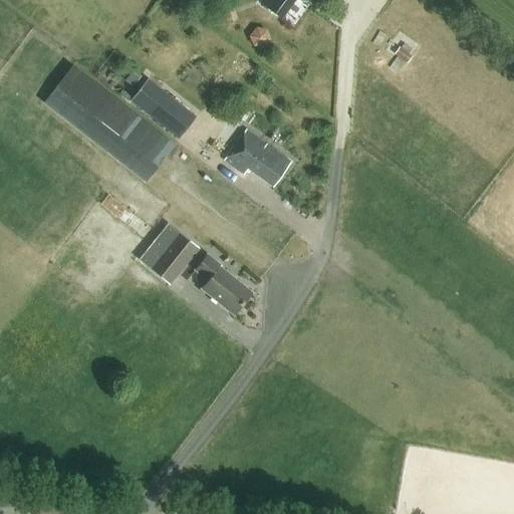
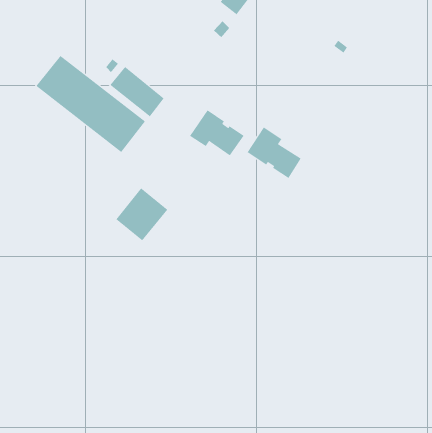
building: none -> [247,127,301,179]
building: [196,254,253,314] -> none

